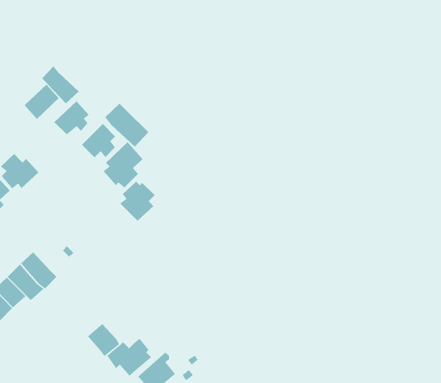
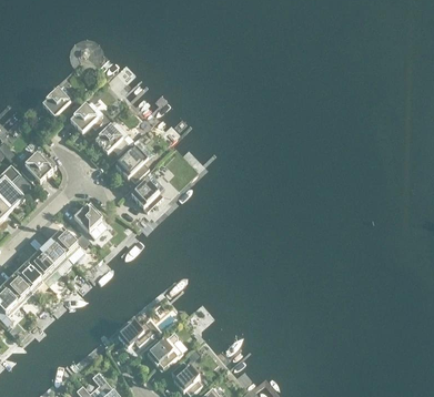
building: [41,65,79,104] -> none
building: [104,103,149,148] -> none
building: none -> [73,202,105,237]
building: none -> [50,227,83,263]
building: [87,323,121,357] -> none

